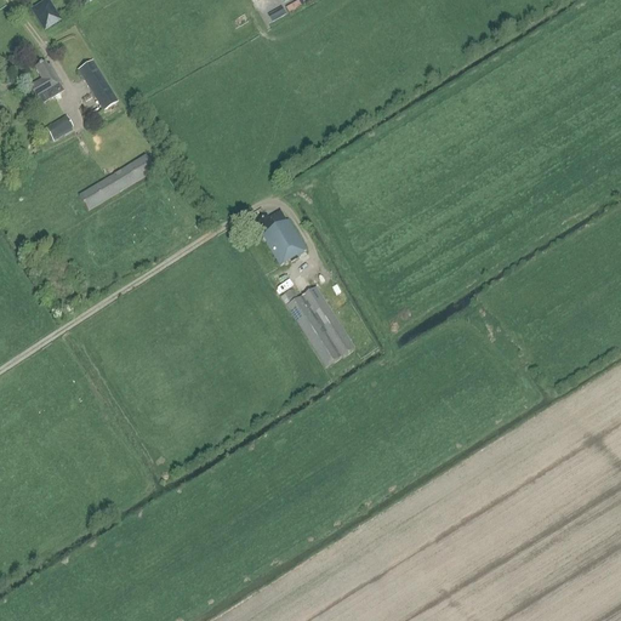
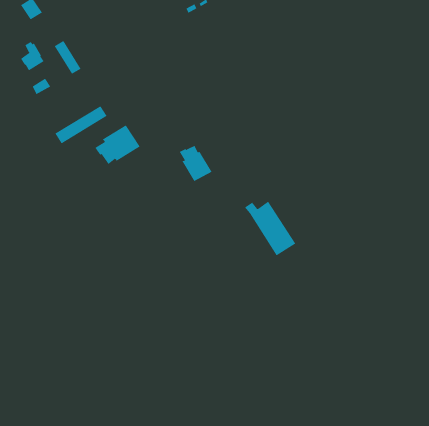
building: none -> [94,124,141,165]
building: [280,285,355,365] -> [244,201,296,256]

